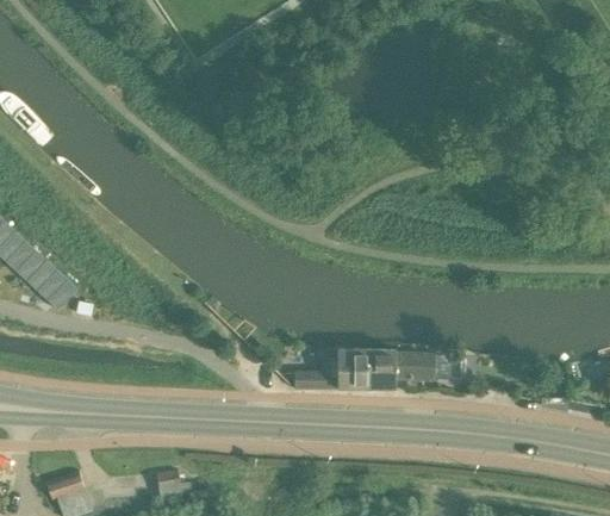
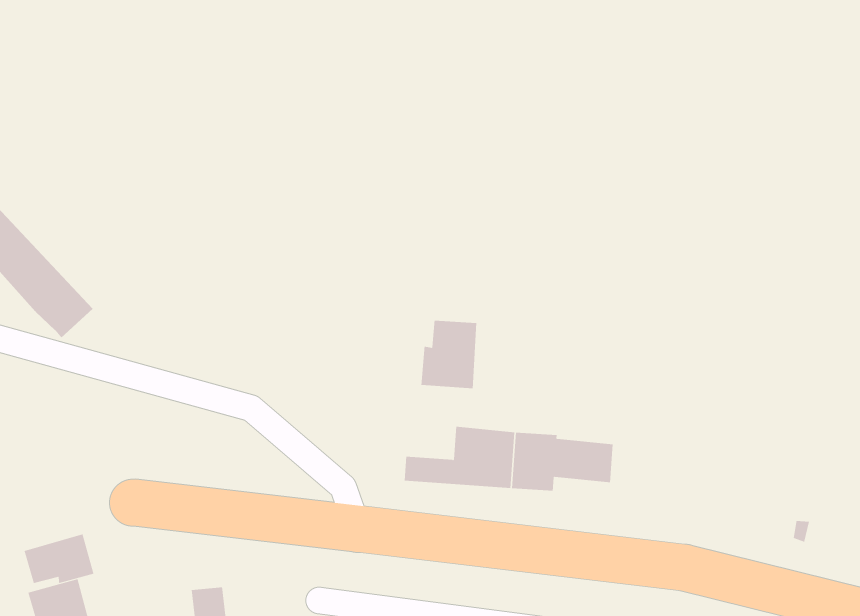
building: none -> [421,320,477,389]
building: none -> [24,533,94,584]

